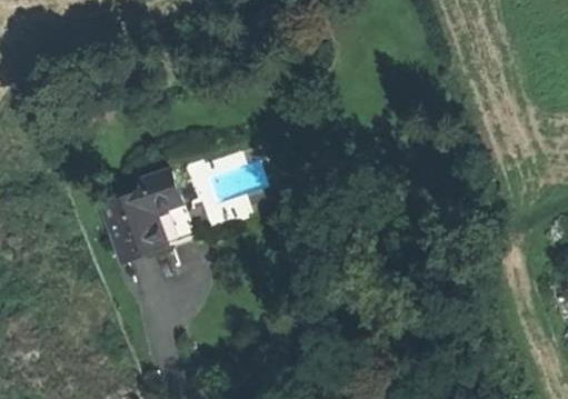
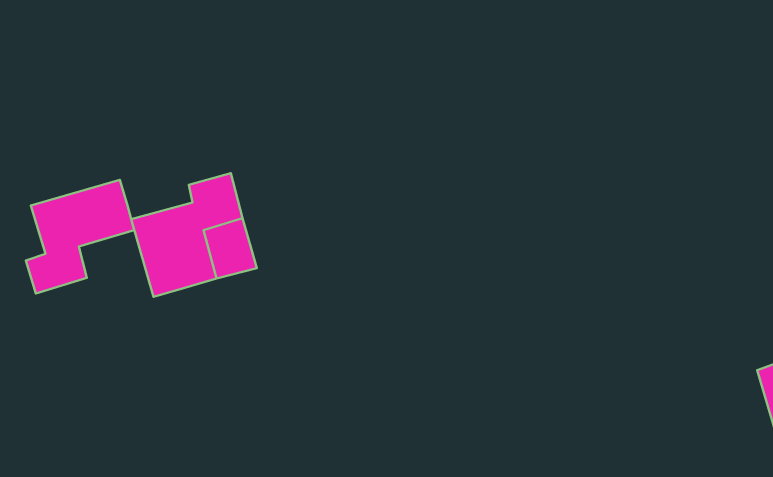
building: none -> [26,180,134,294]

